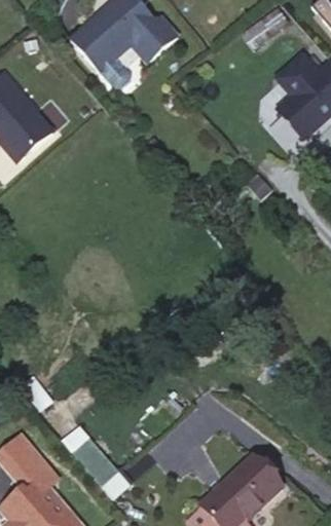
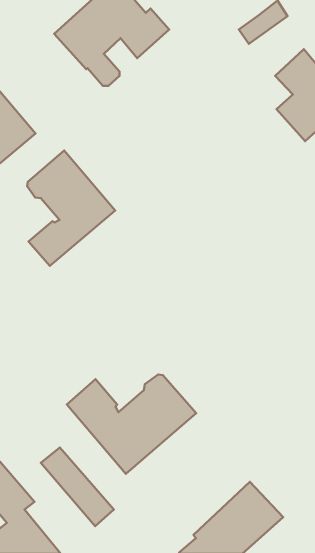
building: none -> [27,151,115,266]
building: none -> [67,374,196,474]

